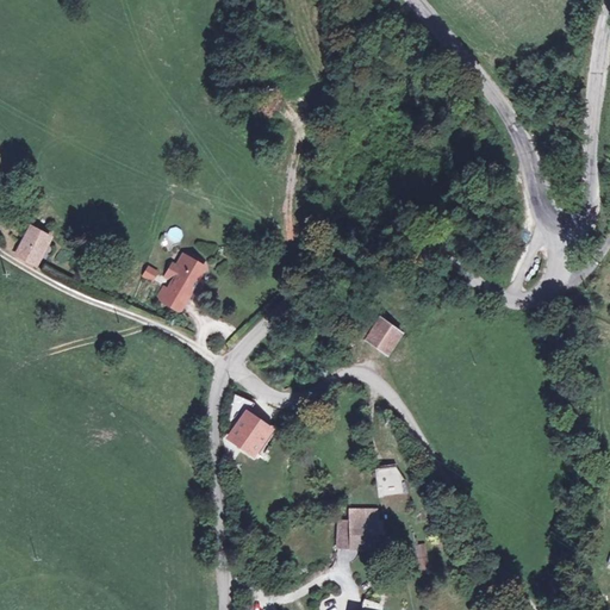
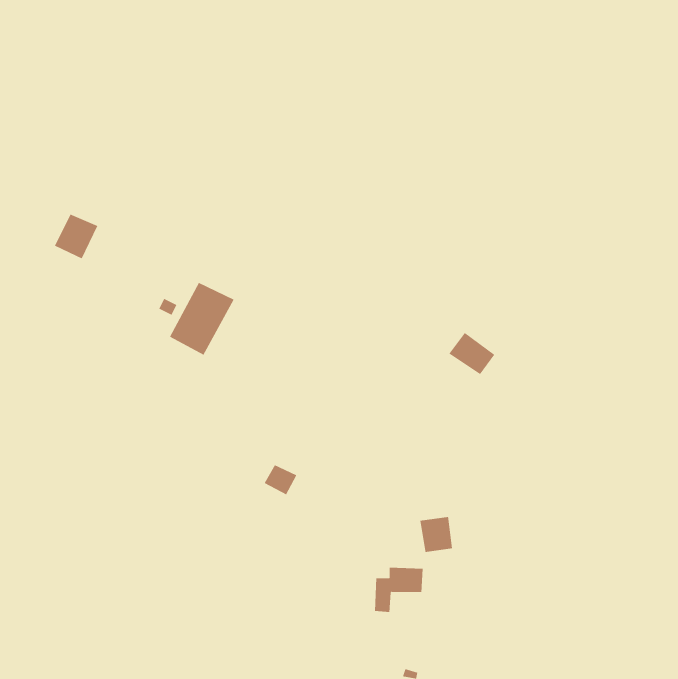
building: [15,225,55,266] -> [54,214,98,259]
building: [360,315,402,353] -> [449,332,495,375]

